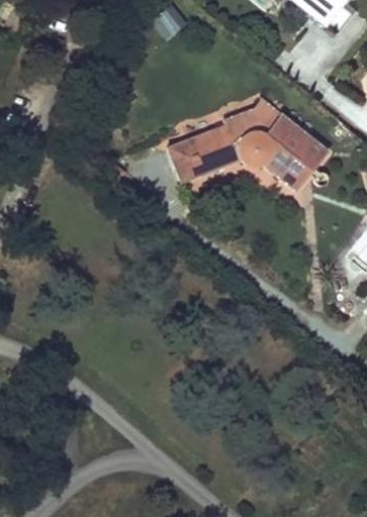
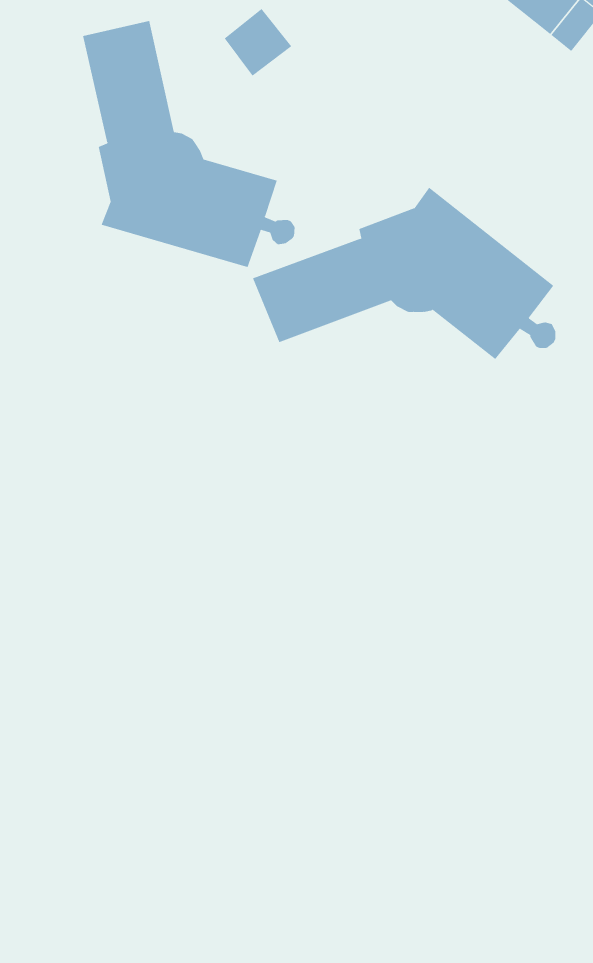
building: none -> [83,20,295,268]

